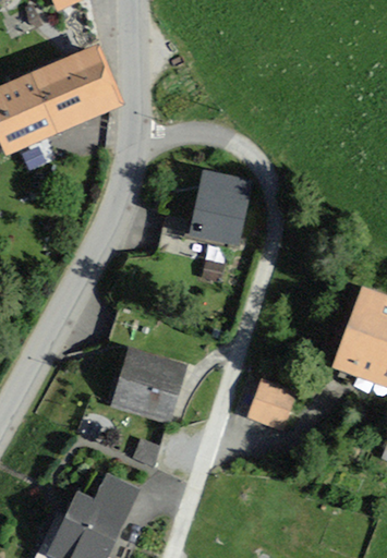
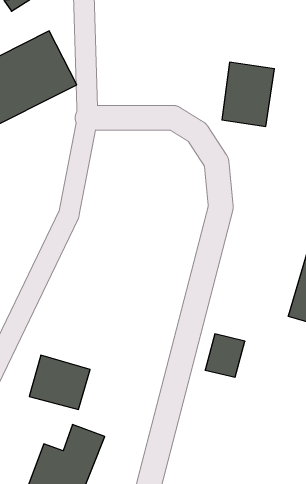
building: [190,172,251,245] -> [222,62,274,126]
building: [117,359,185,421] -> [29,355,90,409]

